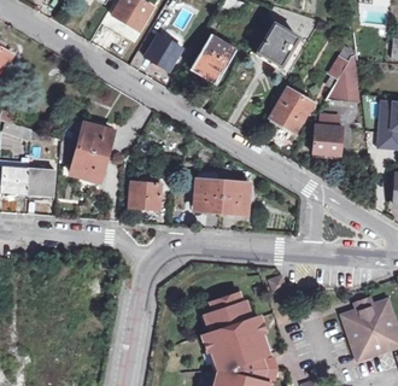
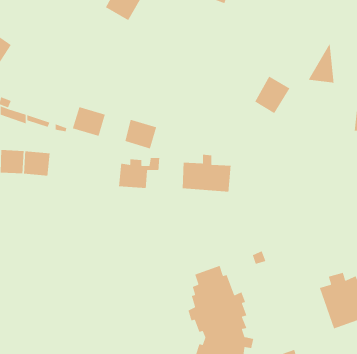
building: [259,23,299,66] -> none
building: [146,35,182,71] -> none
building: [193,35,236,81] -> none
building: [315,124,344,154] -> none
building: [74,146,109,179] -> [124,119,157,150]

